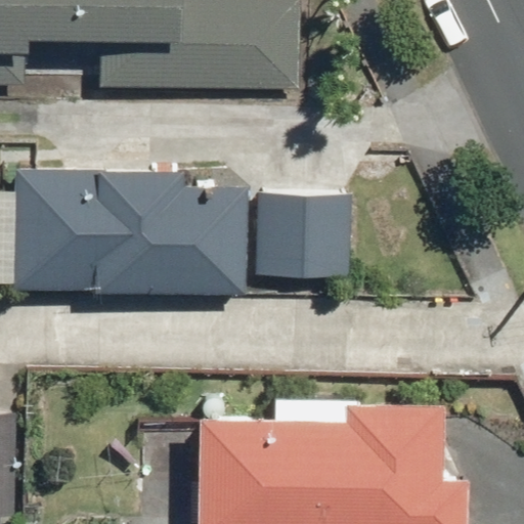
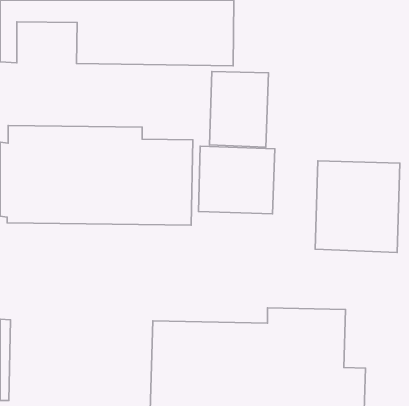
building: none -> [210,71,268,147]
building: none -> [315,161,400,252]

